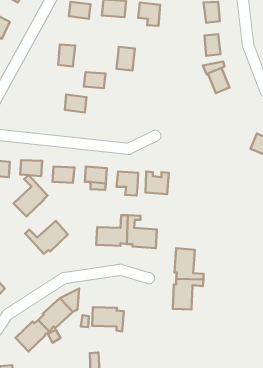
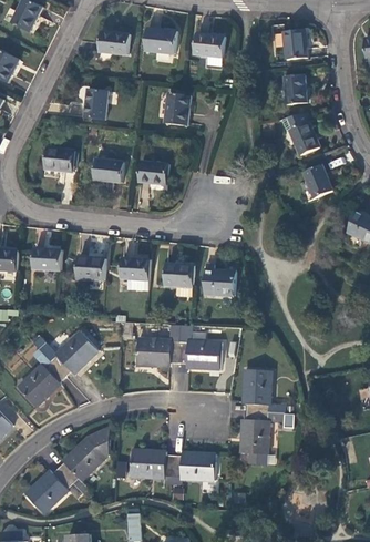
building: [84,72,106,88] -> [138,162,168,184]
building: none -> [43,149,73,172]
building: none -> [304,165,332,198]
building: [14,175,48,216] -> [18,349,64,406]
building: none -> [172,452,215,483]

